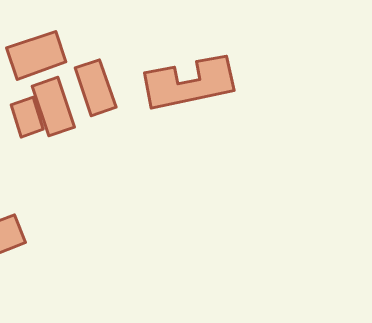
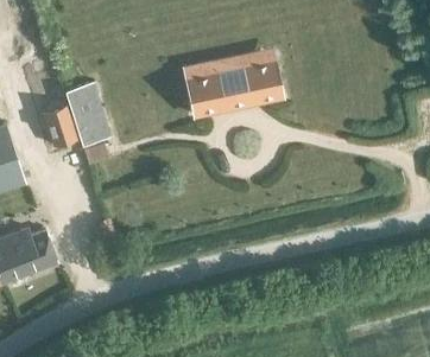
building: [6,31,66,79] -> none
building: [75,60,116,116] -> none

